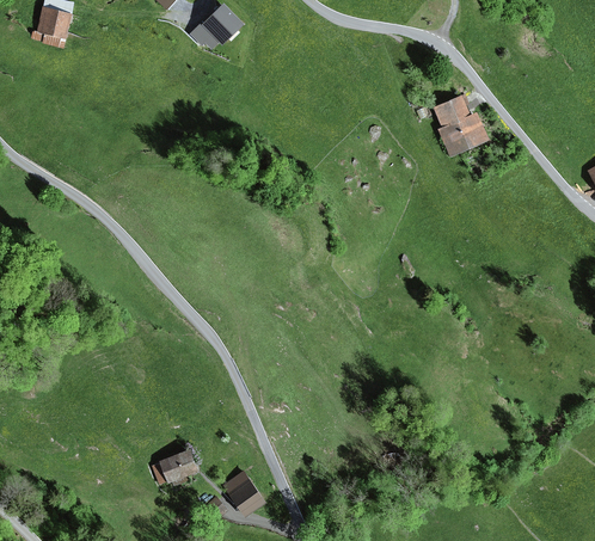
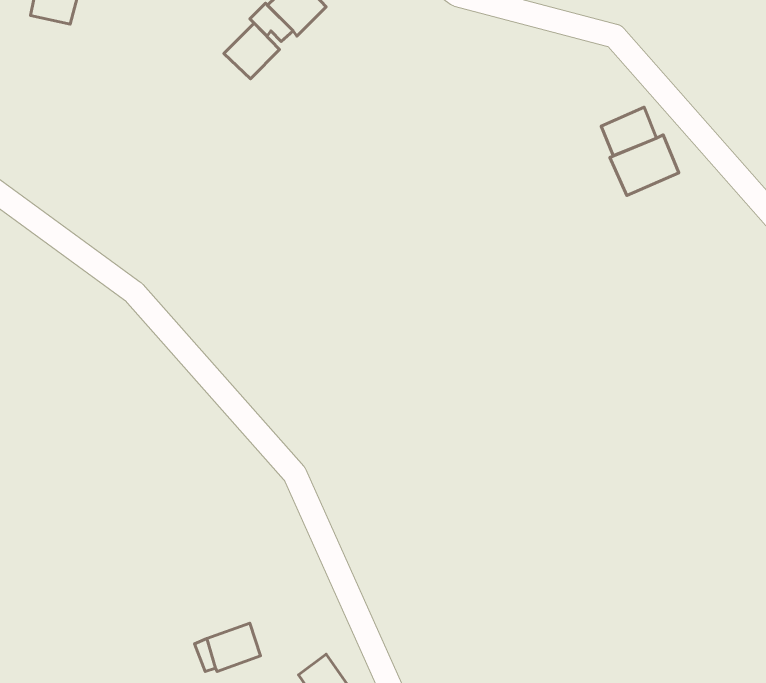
building: none -> [224,23,279,79]

